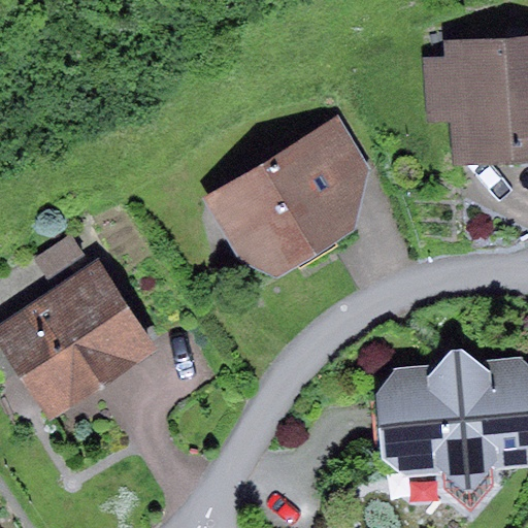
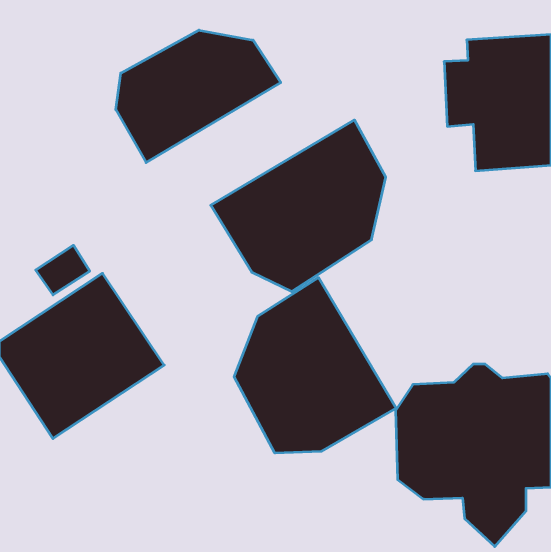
building: none -> [116,30,281,163]
building: none -> [234,278,396,453]

